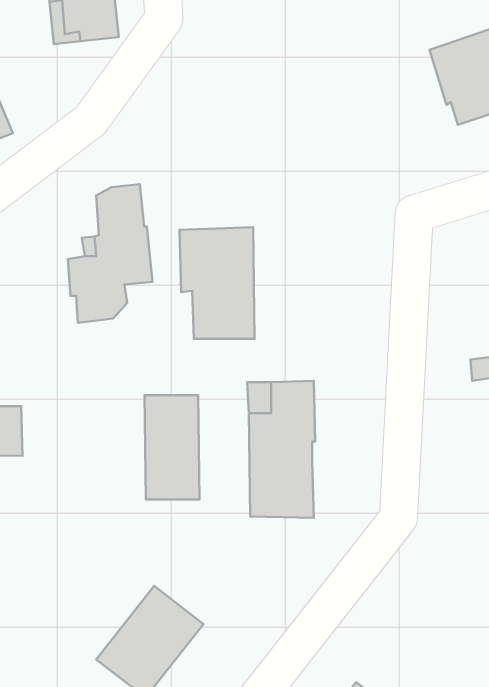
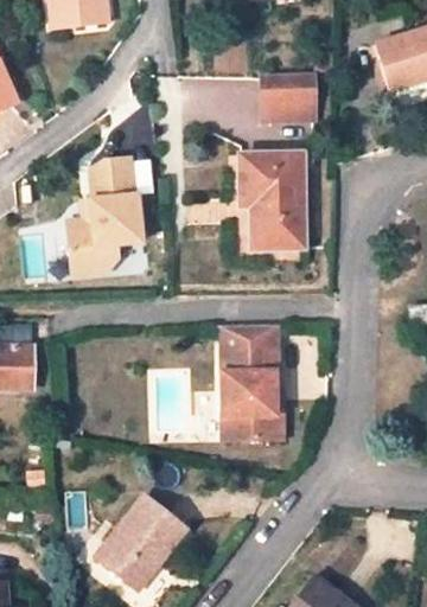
building: none -> [265,76,314,117]
building: [180,227,255,339] -> [241,151,304,244]
building: [144,395,200,500] -> none

